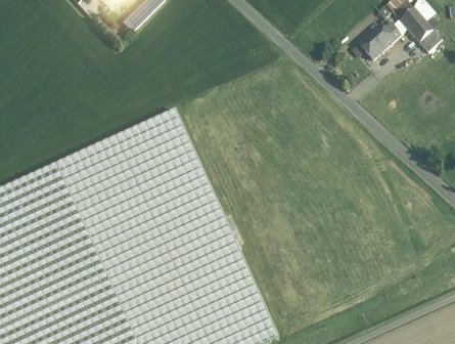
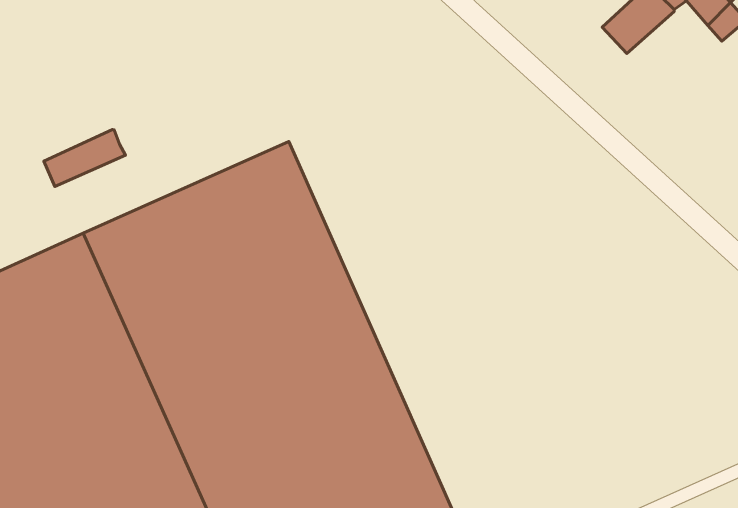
building: none -> [44,129,125,187]

